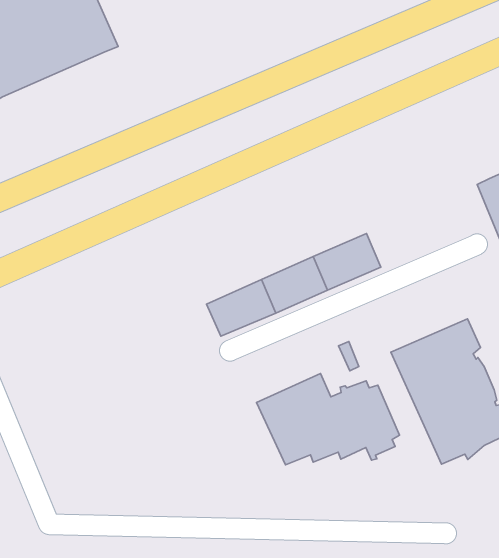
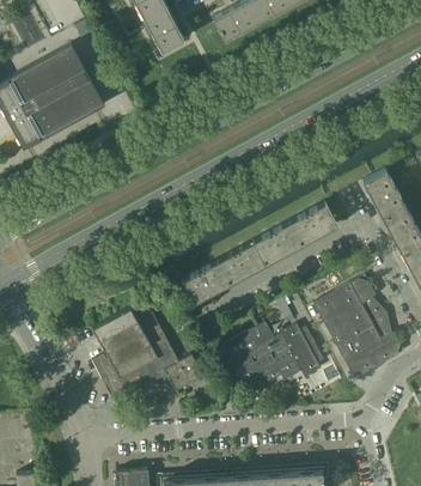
building: none -> [288,201,336,243]
building: none -> [91,302,199,402]

